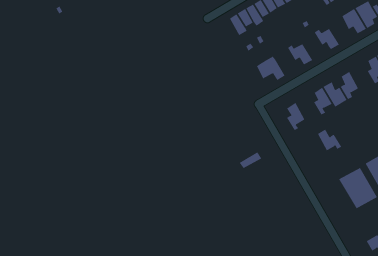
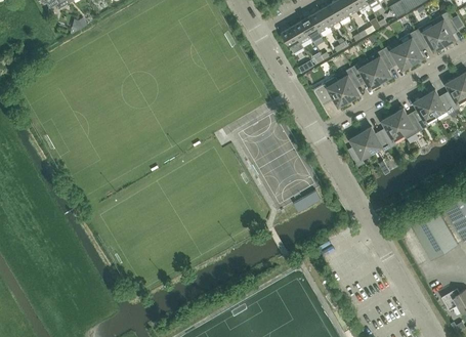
building: none -> [398,30,423,64]
building: none -> [369,49,391,82]
building: none -> [337,68,359,100]
building: none -> [424,89,454,116]
building: [317,129,342,151] -> [361,126,390,153]

